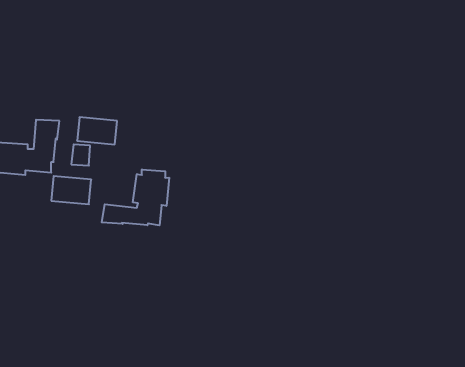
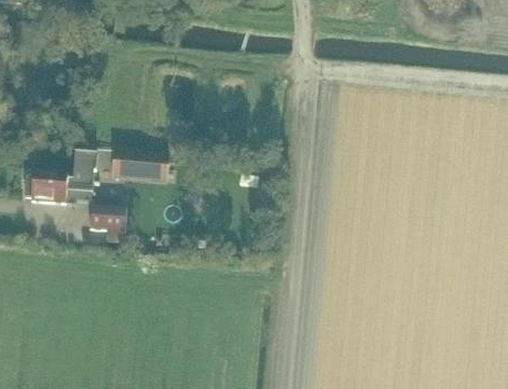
building: [102,169,169,225] -> none

